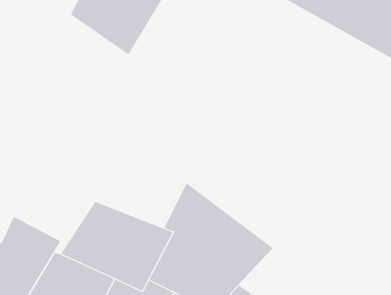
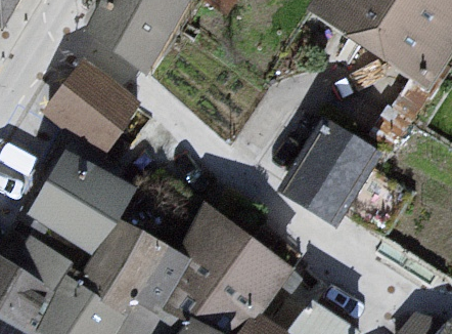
building: none -> [42,60,138,159]
building: none -> [281,118,382,228]
building: none -> [31,149,140,255]

